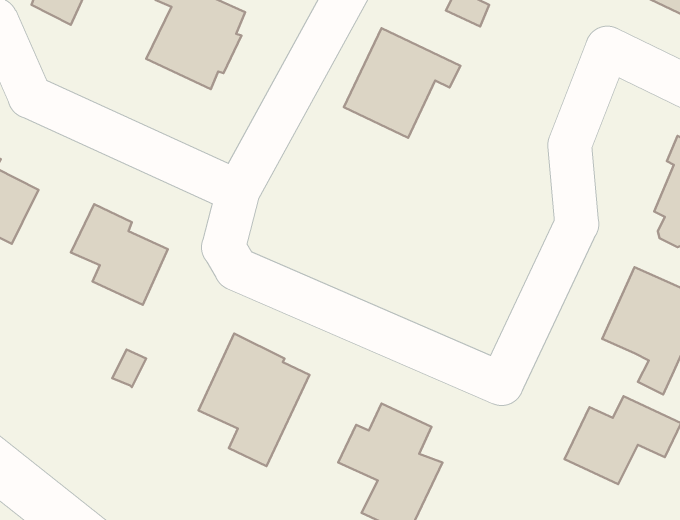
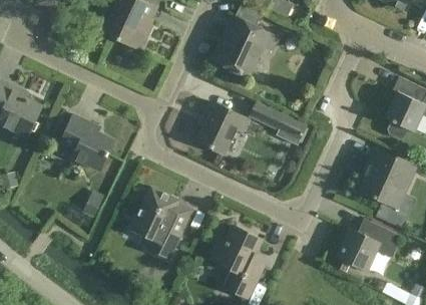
building: none -> [196,101,249,155]
building: none -> [251,101,314,147]

